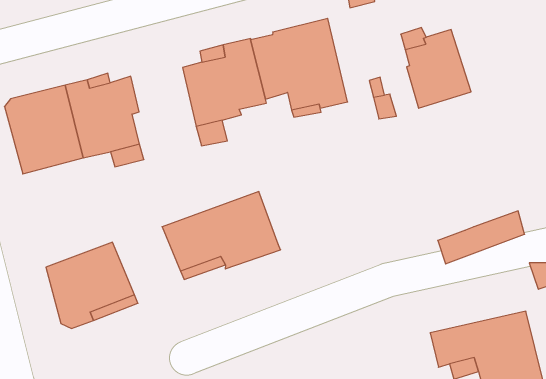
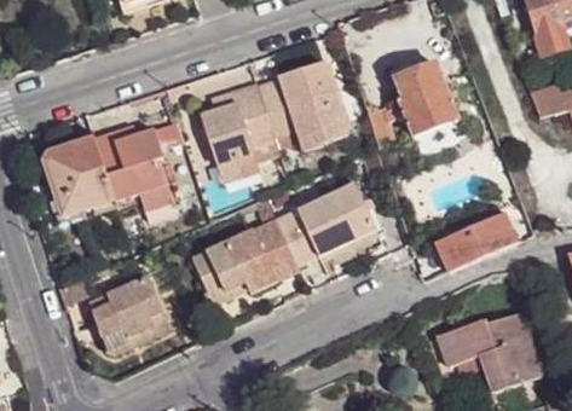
building: none -> [275,181,376,265]

